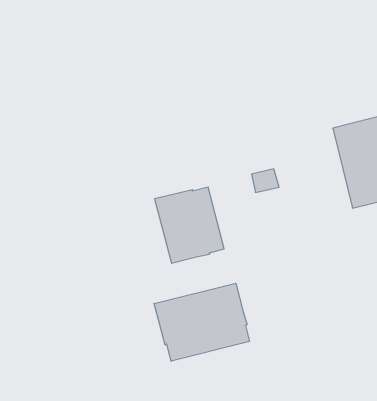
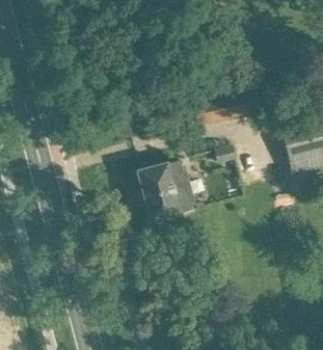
building: [154,283,249,361] -> none

